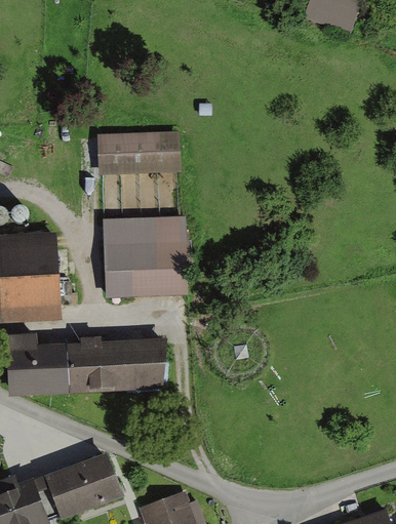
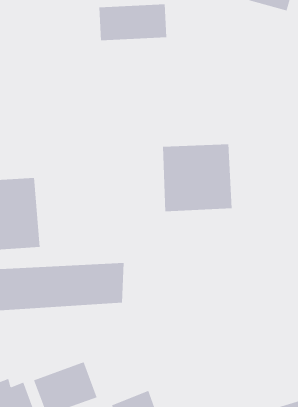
building: [96,131,181,176] -> [98,4,167,41]
building: [103,217,189,300] -> [162,144,232,212]

